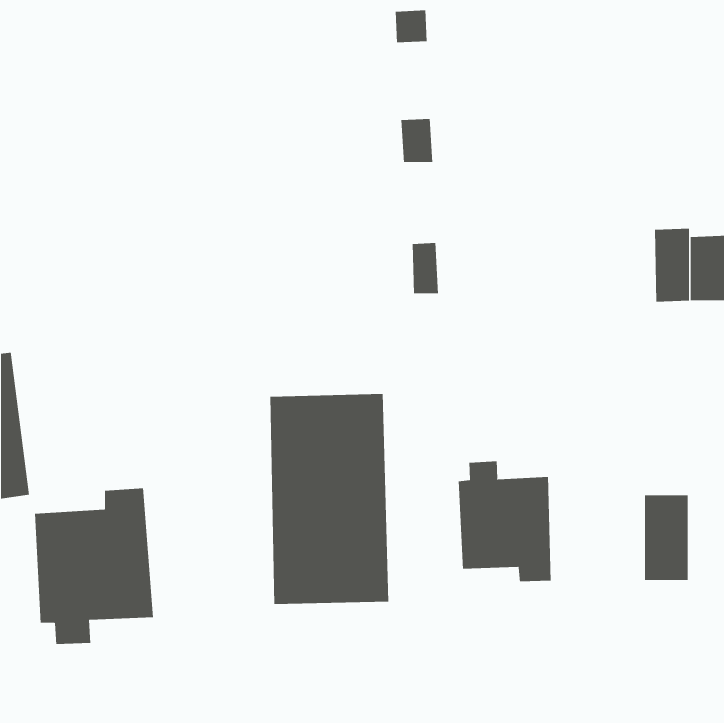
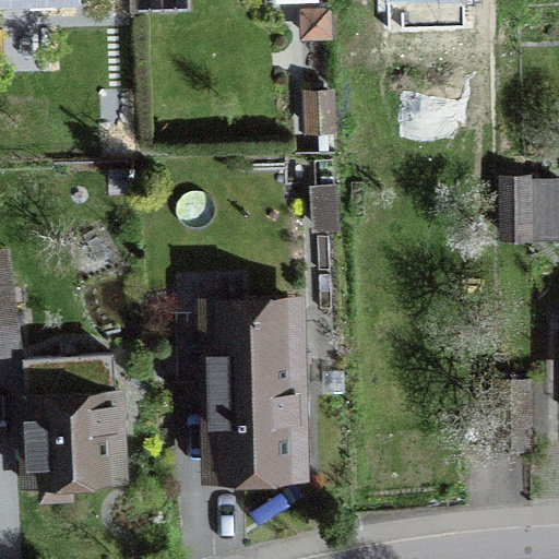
building: [458,460,551,582] -> none

